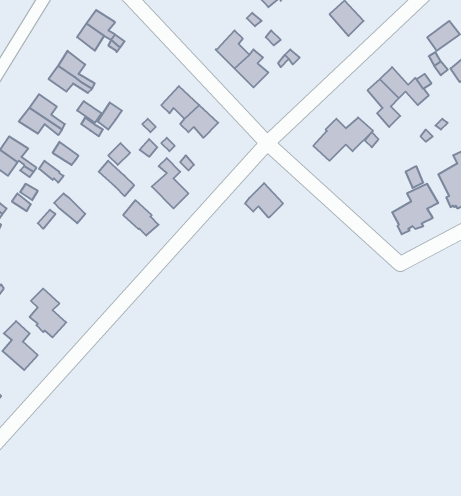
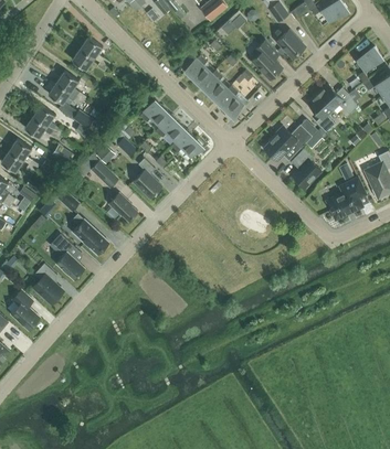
building: none -> [252,40,282,79]
building: none -> [215,85,244,116]
building: none -> [291,147,322,188]
building: [245,183,283,217] -> [171,129,202,157]
building: none -> [73,214,109,254]
building: none -> [50,234,85,279]

